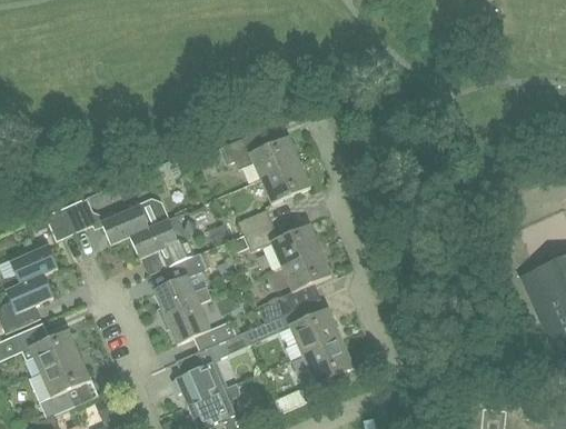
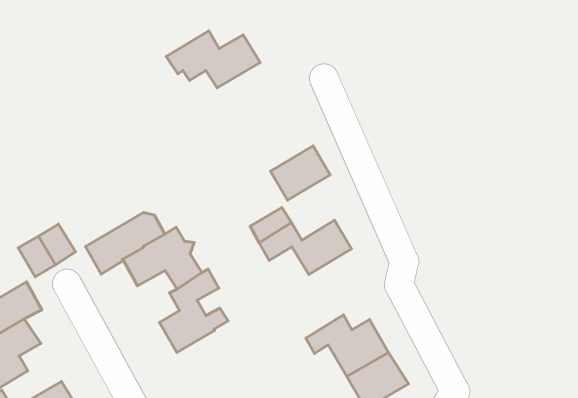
building: [222,129,299,177] -> [166,31,260,88]
building: [258,249,331,321] -> none
building: [166,302,241,350] -> none

